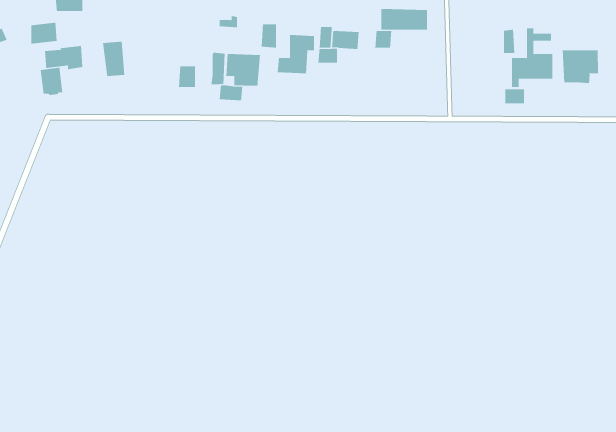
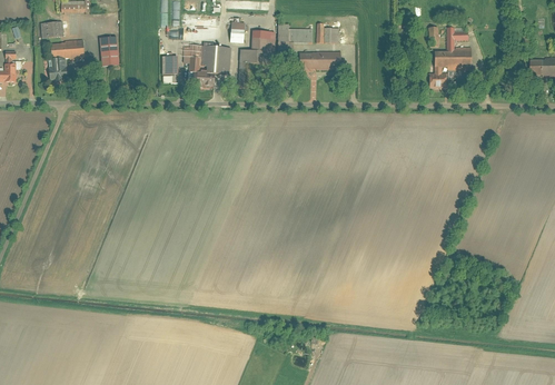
building: [381,9,428,30] -> [299,51,338,69]
building: [562,50,599,84] -> none

